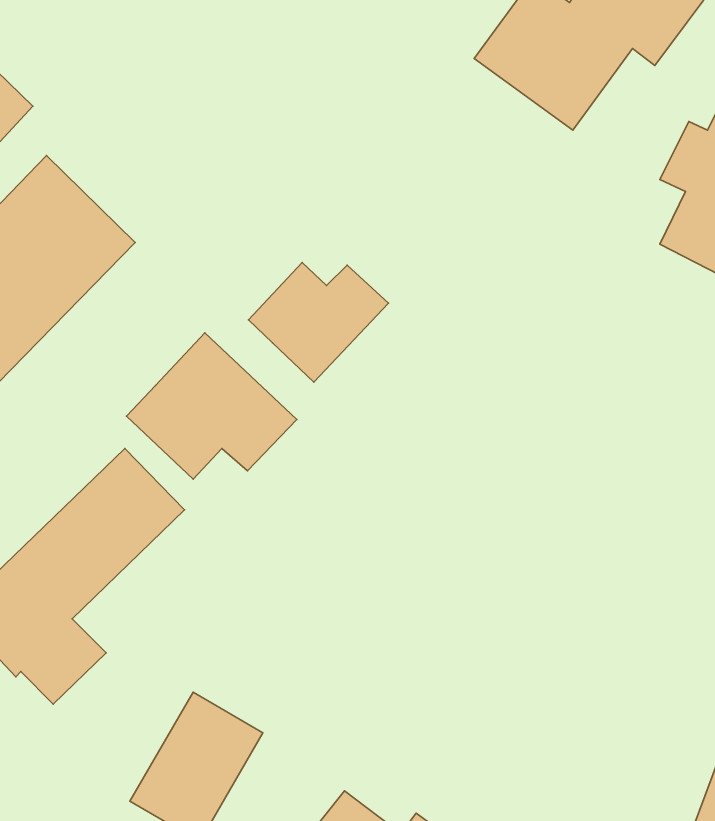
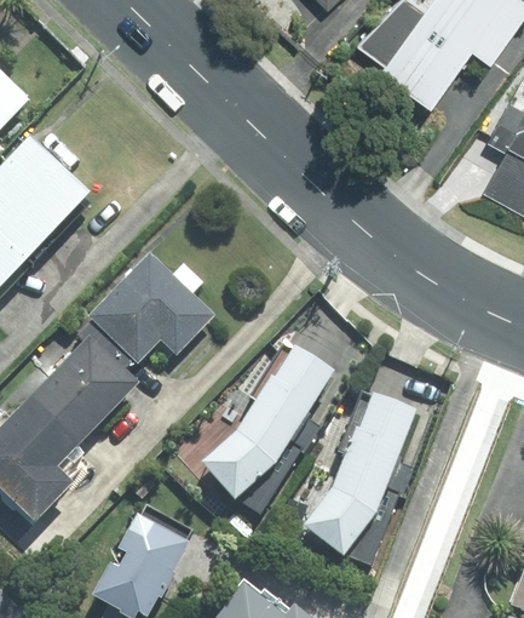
building: [248,263,389,382] -> none
building: none -> [207,343,338,497]
building: none -> [309,391,424,554]

